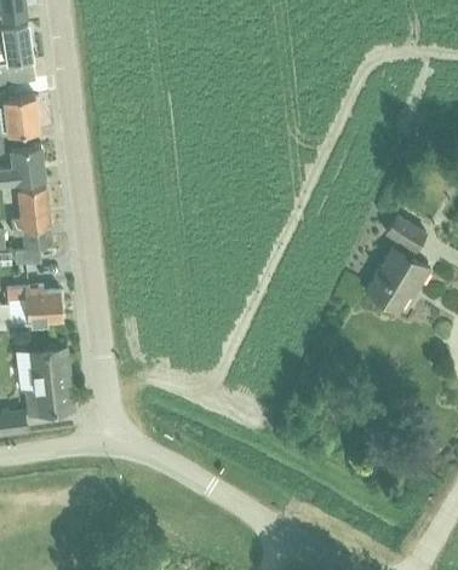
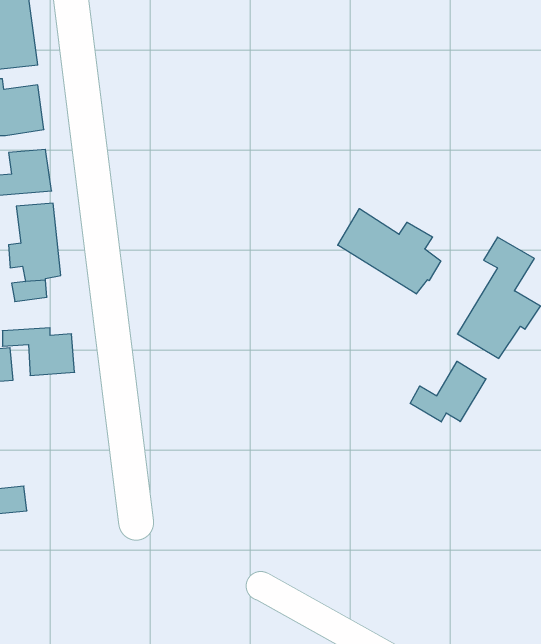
building: none -> [338,209,441,294]
building: none -> [410,361,486,422]
building: [21,351,71,418] -> none

